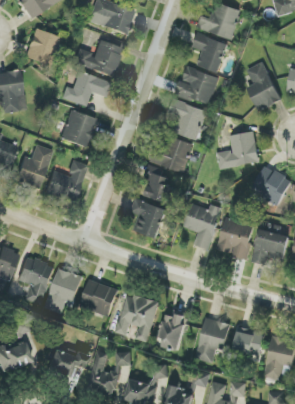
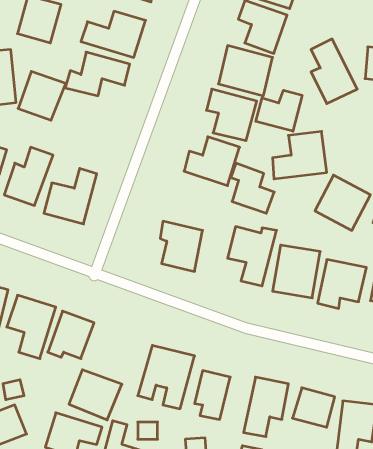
building: none -> [256,90,302,131]
building: [60,110,96,147] -> [18,71,66,120]
building: [144,166,177,204] -> [231,163,274,213]
building: [79,279,119,317] -> [69,370,122,420]

